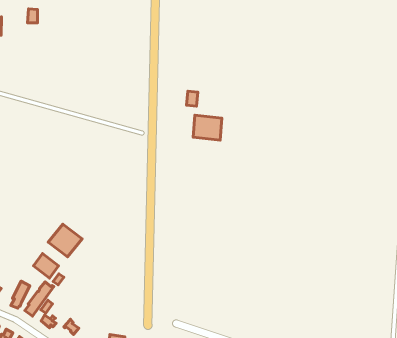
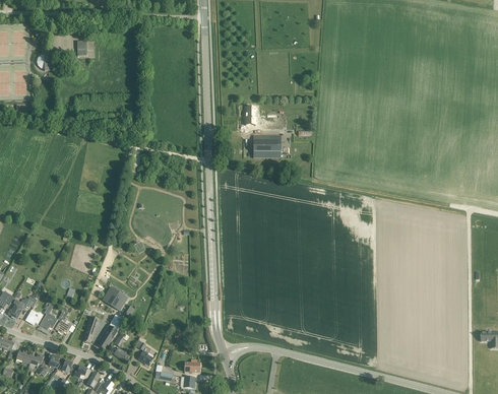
building: [48,224,82,257] -> none

